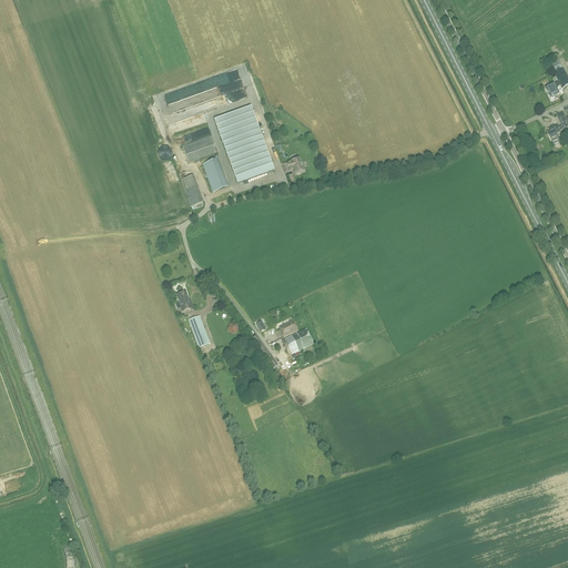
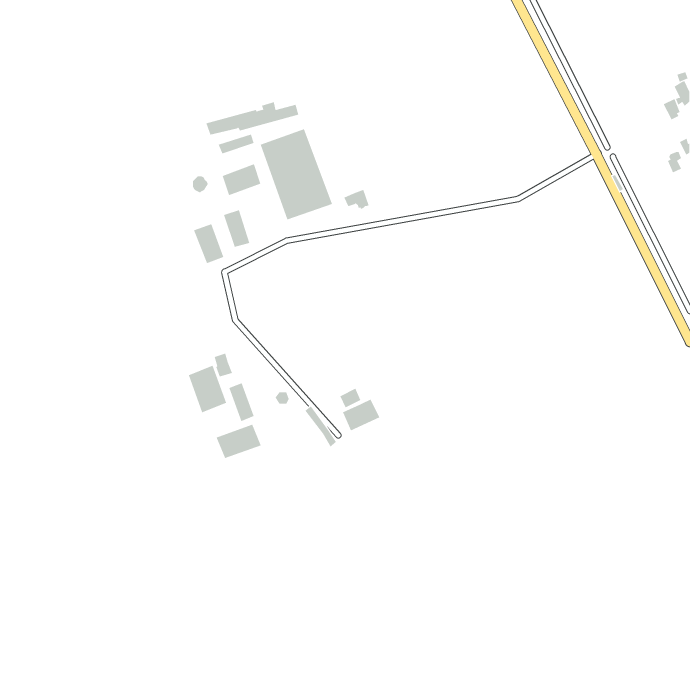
building: [201,156,226,190] -> [193,223,224,264]
building: none -> [188,365,227,413]
building: none -> [216,424,261,459]

